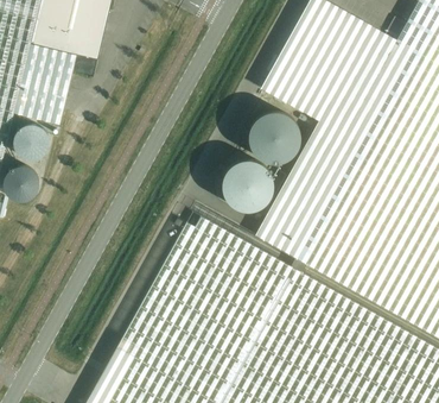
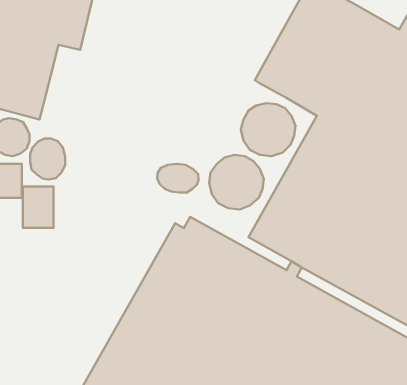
building: none -> [30,138,65,180]
building: none -> [157,164,199,193]
building: none -> [23,186,53,228]

